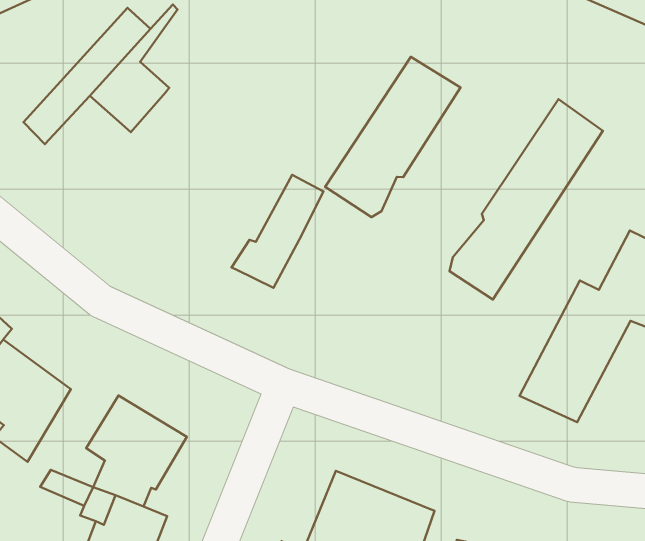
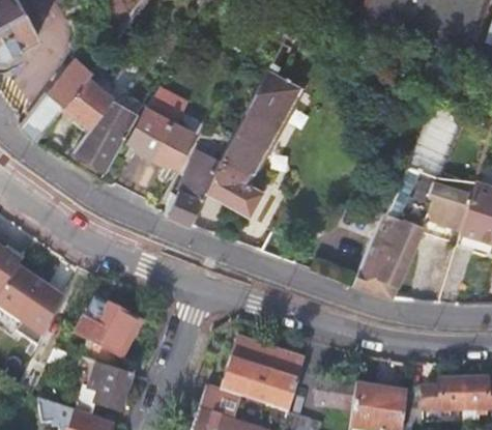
building: none -> [131,89,197,165]
building: none -> [74,102,138,170]
building: [449,99,603,300] -> none
building: none -> [205,159,268,216]

